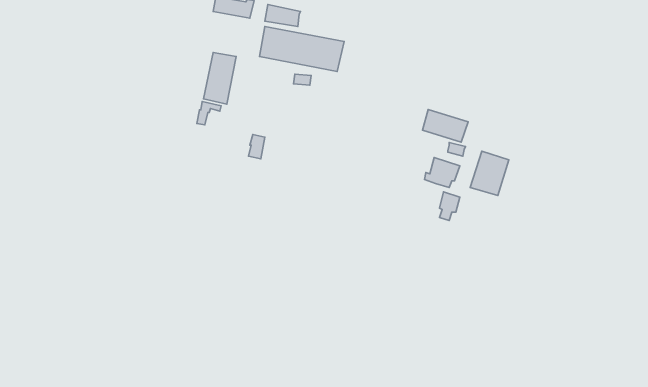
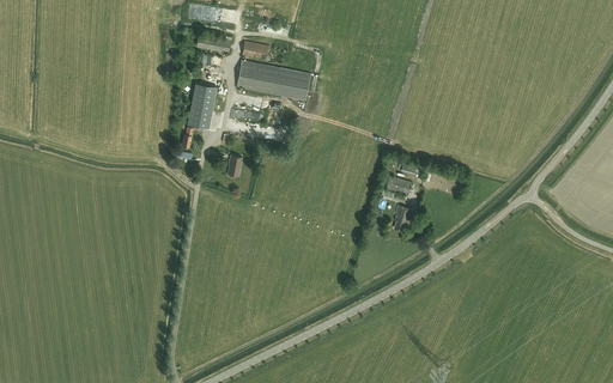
building: [422,109,468,142] -> none
building: [470,151,509,196] -> none

